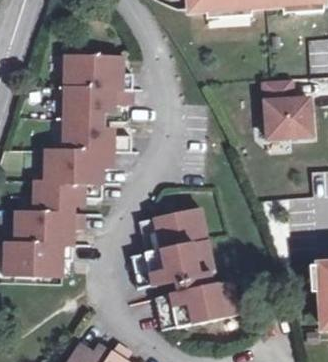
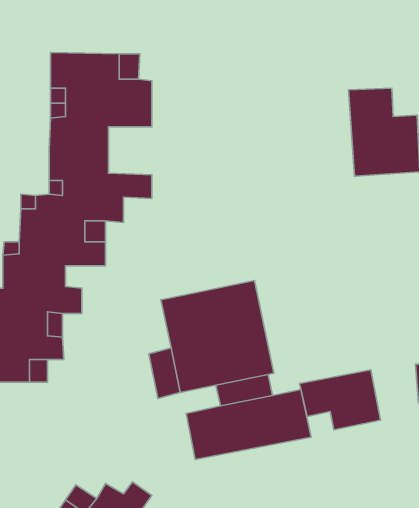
building: none -> [299,370,380,430]

